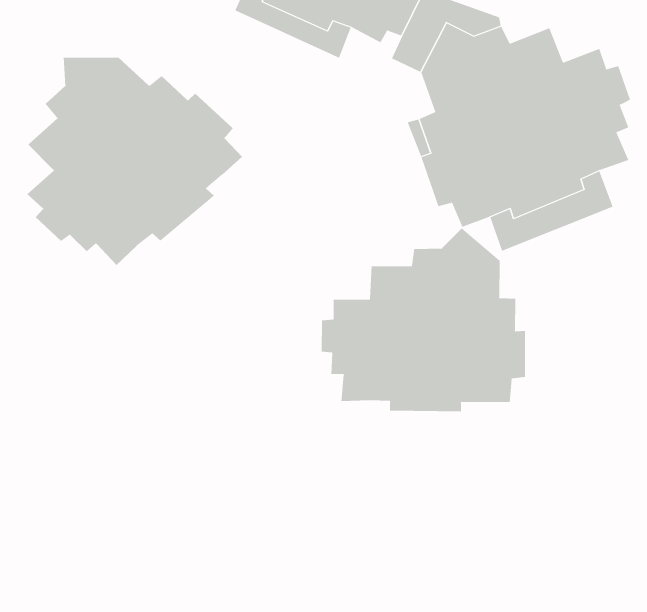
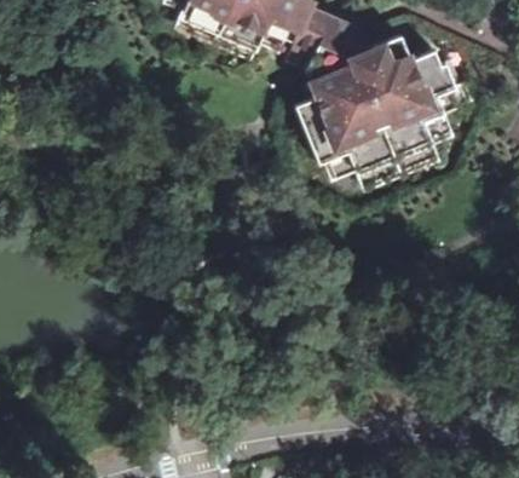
building: [27,57,243,266] -> none
building: [321,227,526,412] -> none

